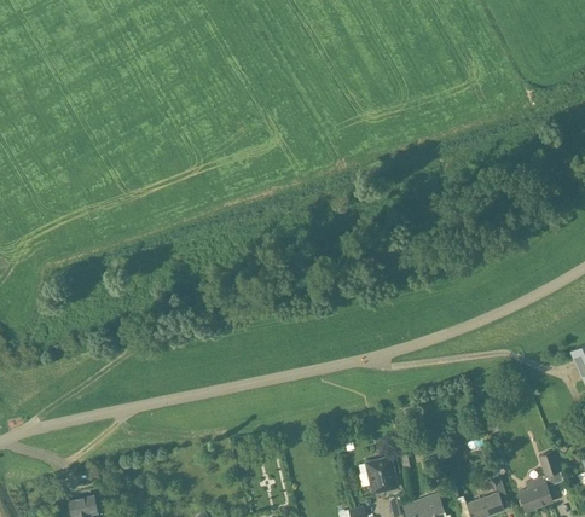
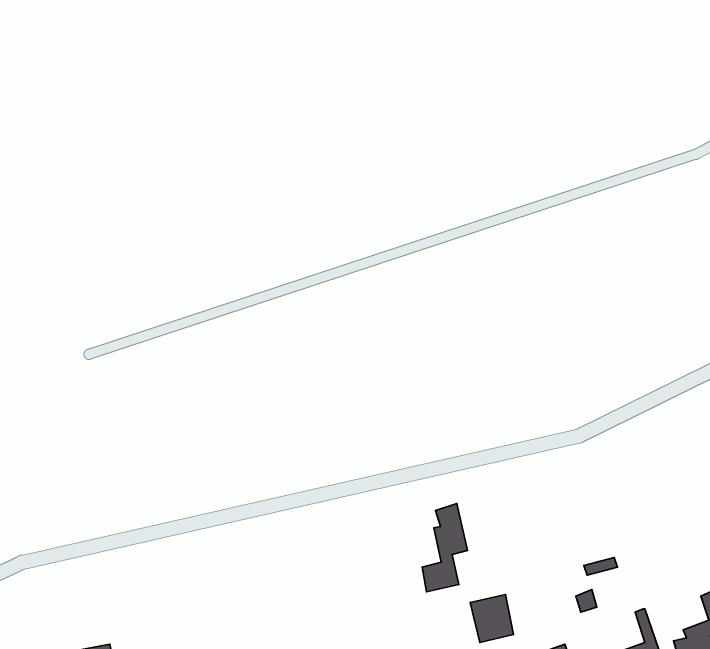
building: none -> [422,503,467,592]

